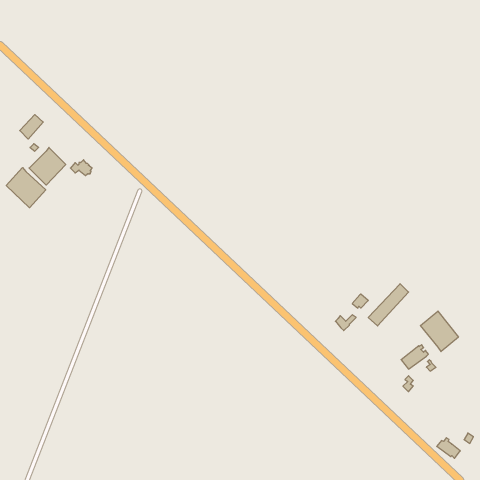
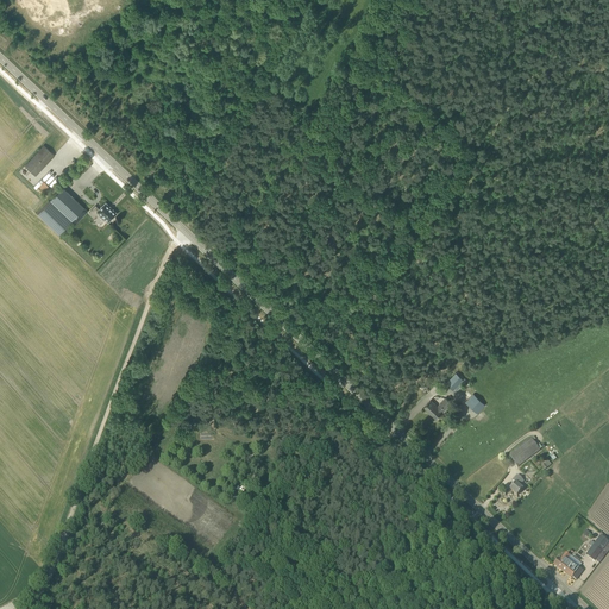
building: [6,168,46,208] -> none
building: [420,311,458,352] -> none

